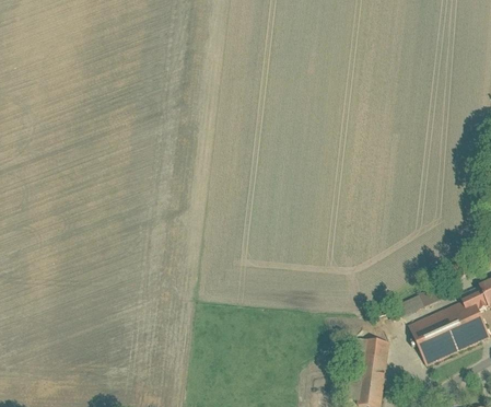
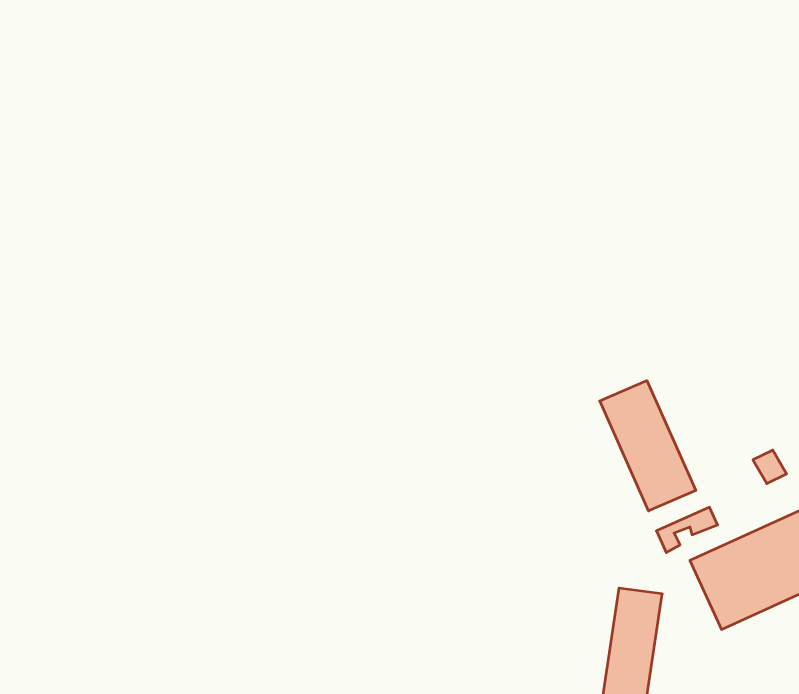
building: none -> [600,381,696,511]

